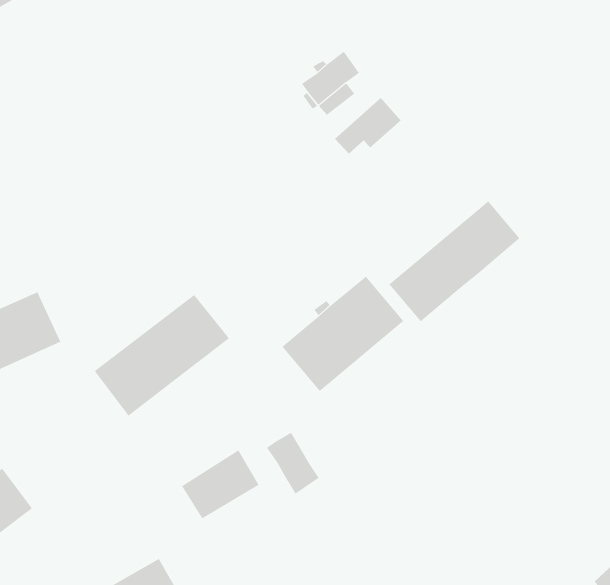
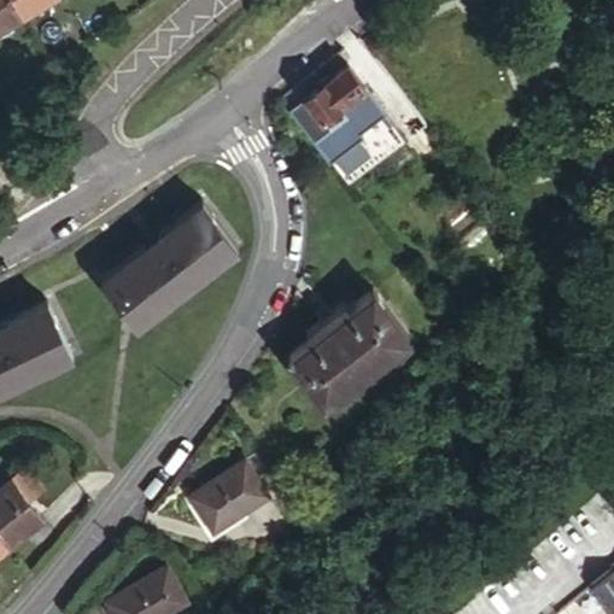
building: [389,201,520,322] -> none
building: [94,294,230,416] -> [101,209,235,329]
building: [266,432,320,494] -> none

